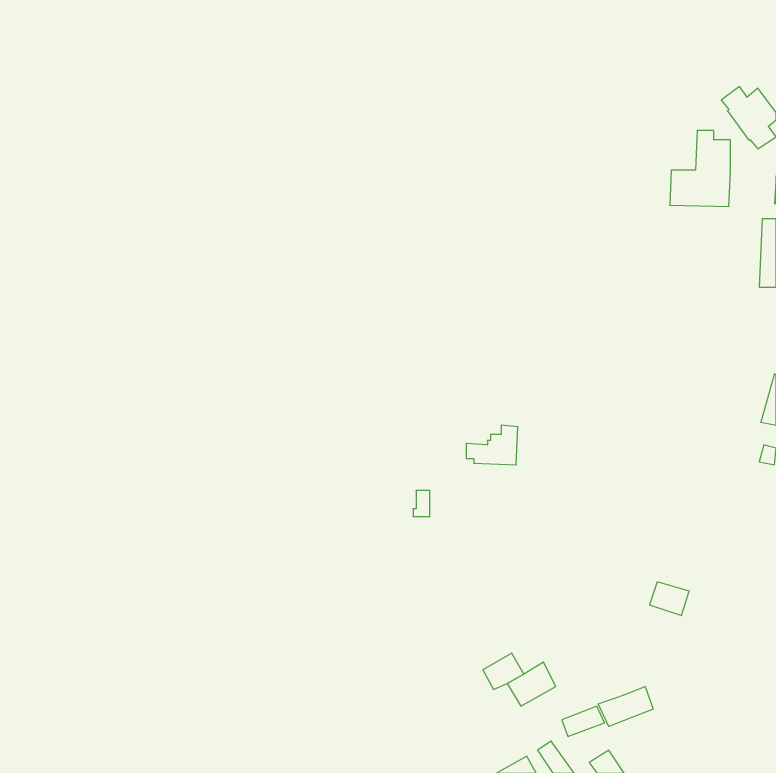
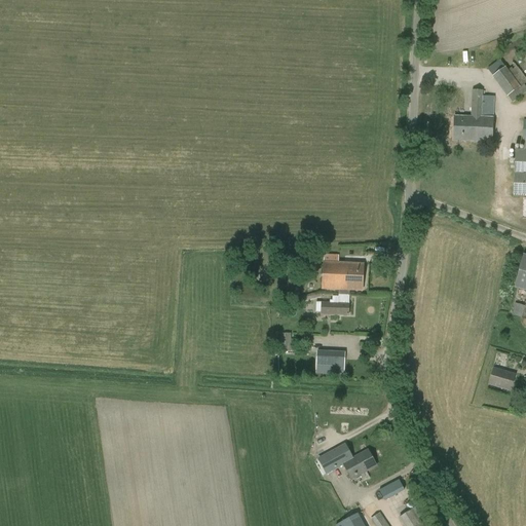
building: none -> [322,261,364,289]
building: none -> [316,350,345,372]
building: [650,582,689,615] -> [489,367,516,389]
building: [598,686,653,726] -> none

